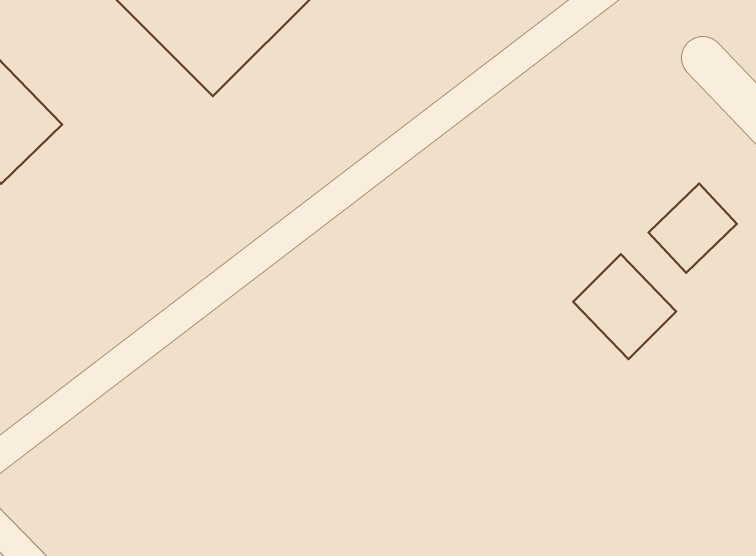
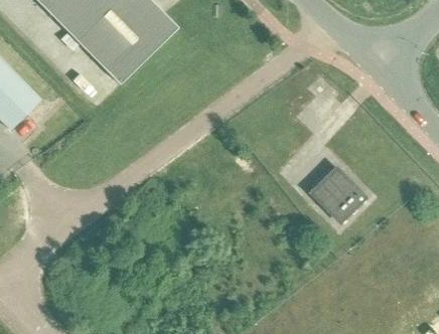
building: [648,183,737,273] -> none

